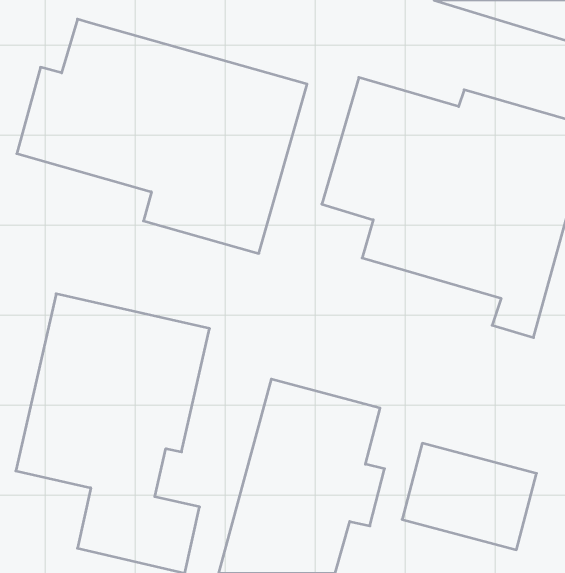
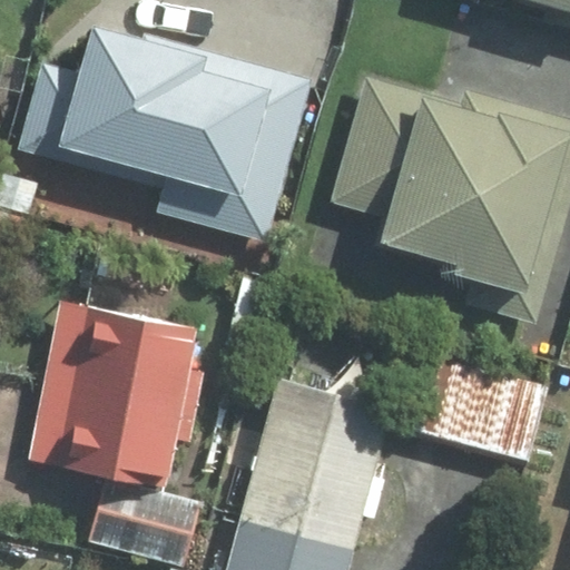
building: [402,443,537,550] -> [419,352,552,458]

